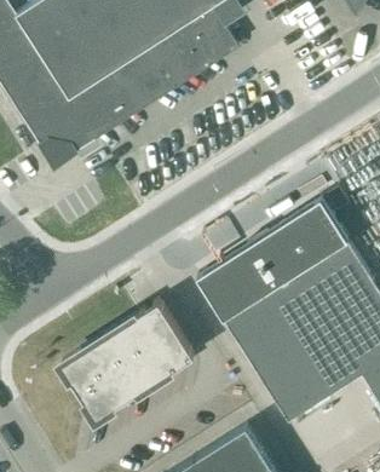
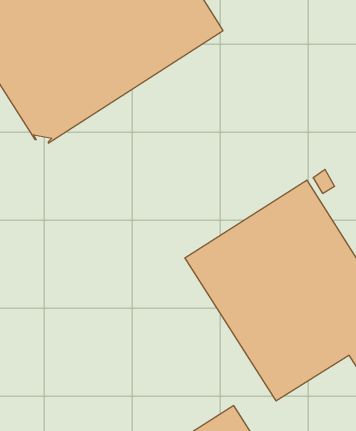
building: [61,301,194,419] -> none

